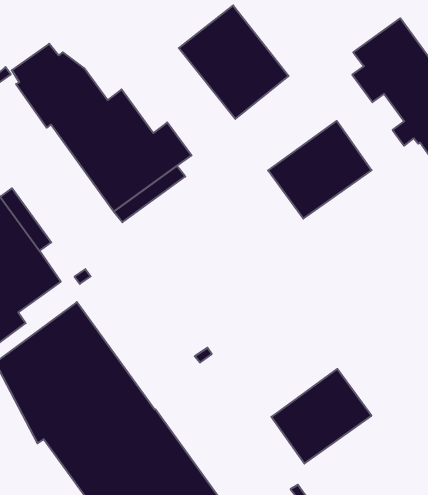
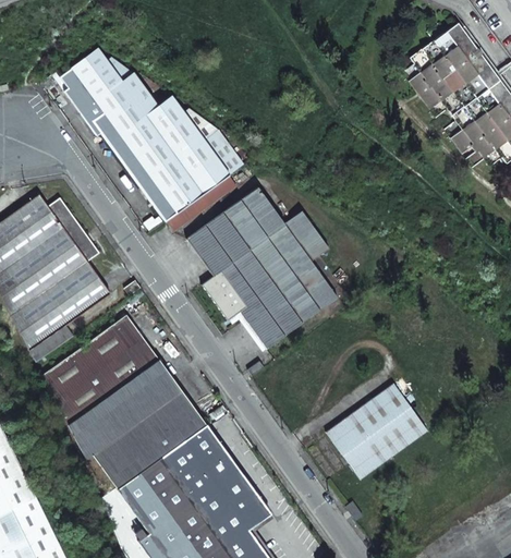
building: [179,5,289,119] -> none
building: [268,121,372,219] -> none
building: none -> [186,187,336,349]

